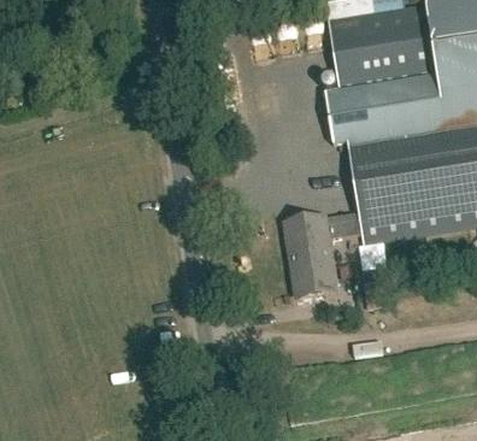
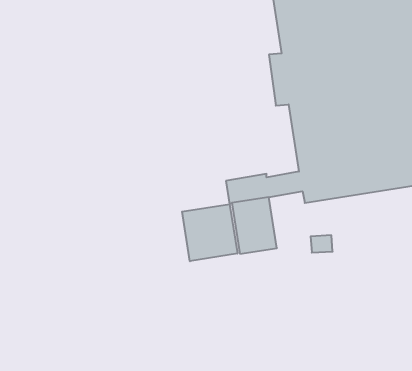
building: none -> [182,204,237,261]

